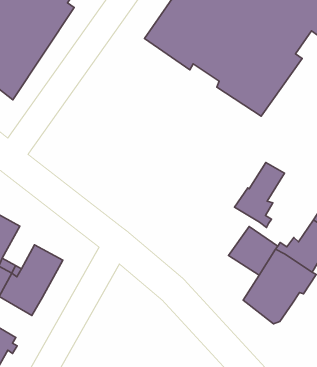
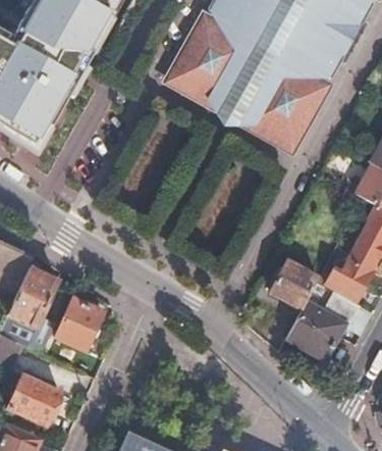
building: [234,162,285,228] -> none

